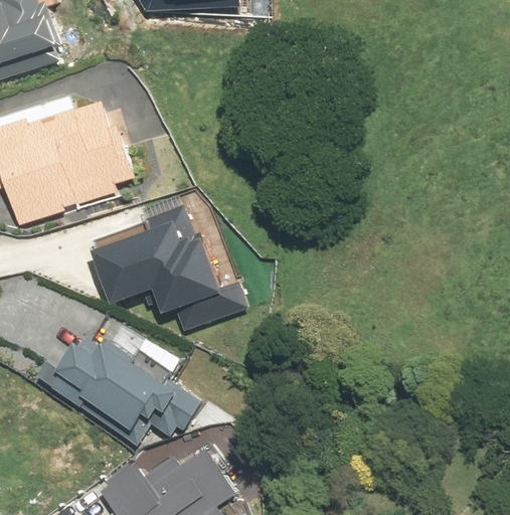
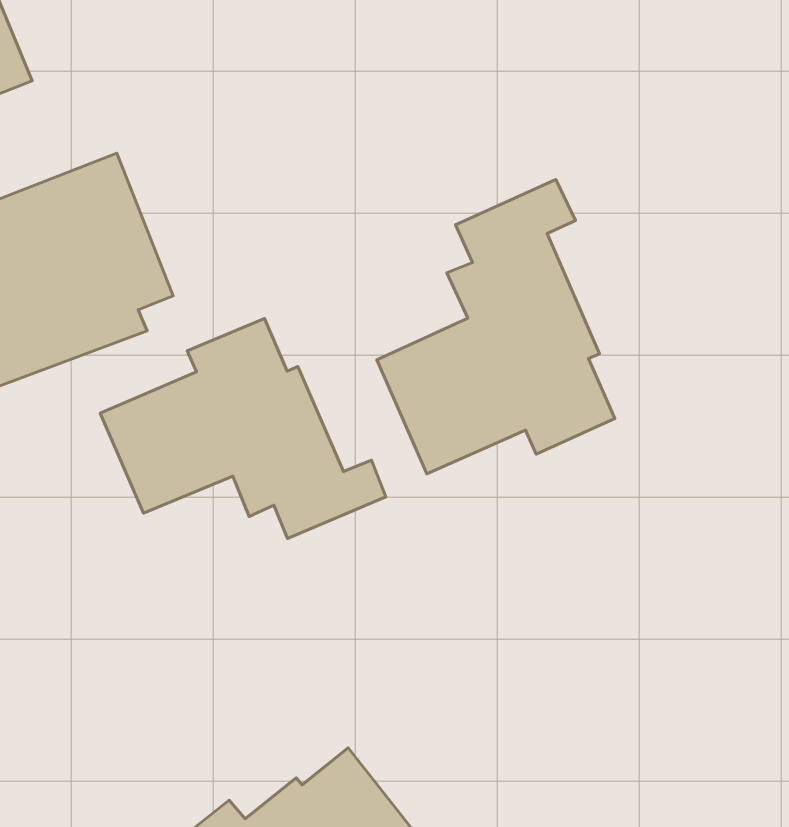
building: none -> [377,180,615,474]
building: [36,335,196,448] -> none

